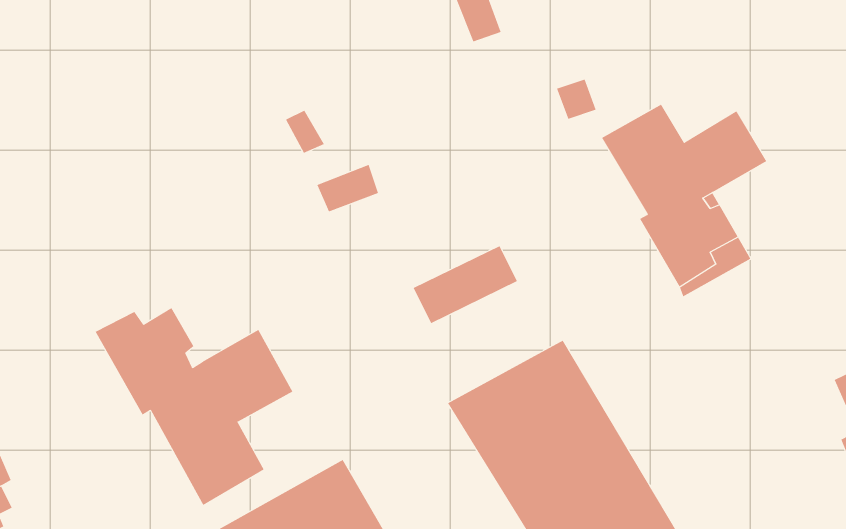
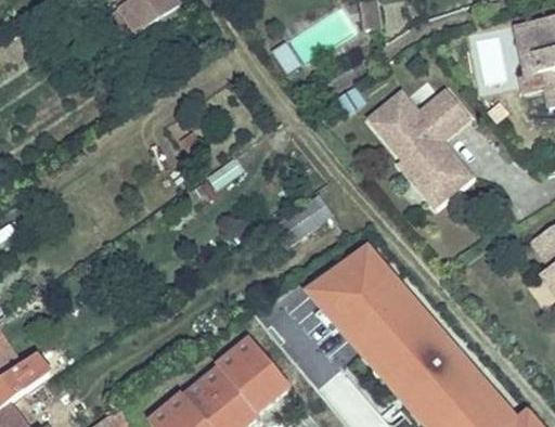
building: [95,307,293,506] -> none

